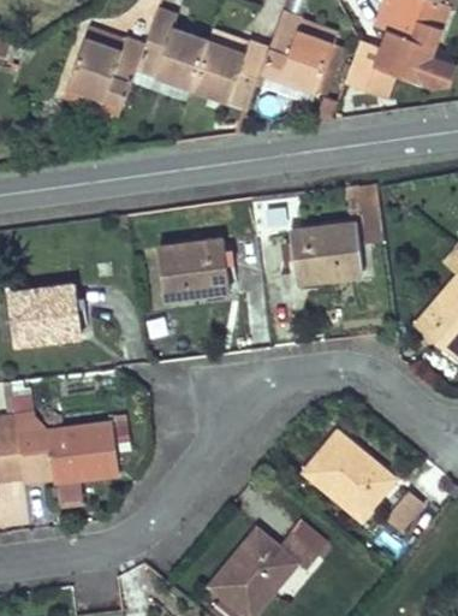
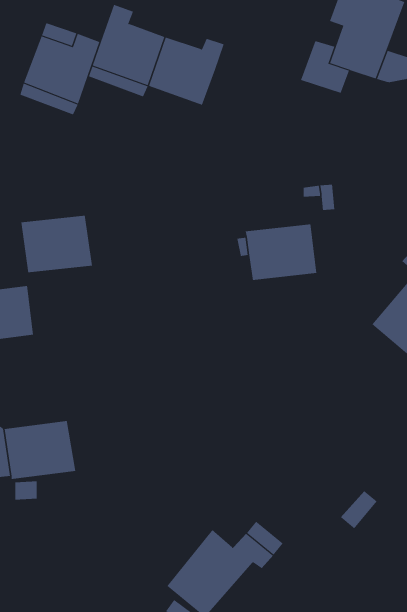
building: [261,10,333,90] -> none
building: [157,241,230,298] -> [20,215,93,273]
building: [305,432,394,517] -> none

